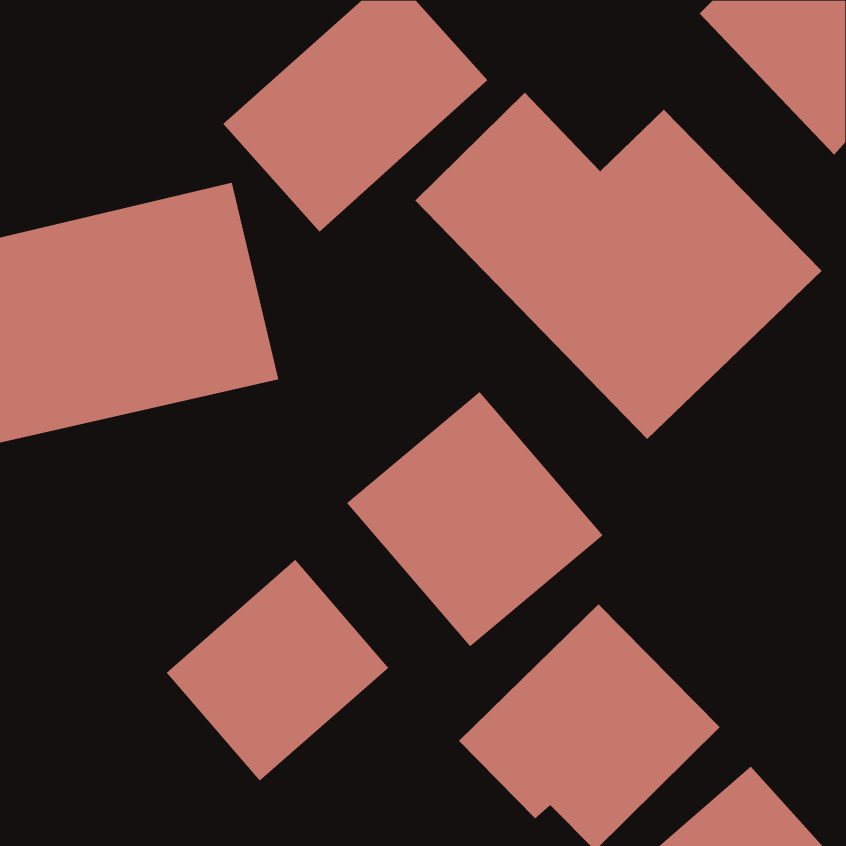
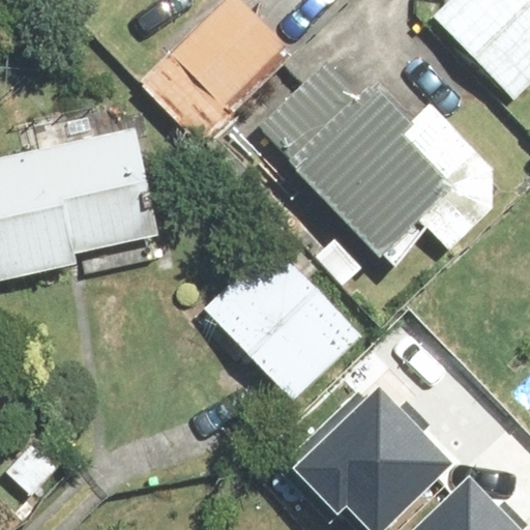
building: [166,559,389,782] -> none

